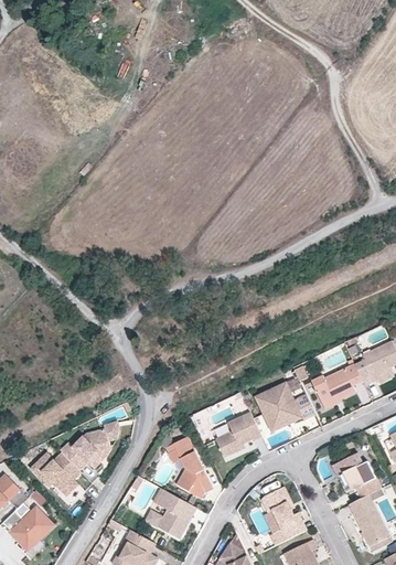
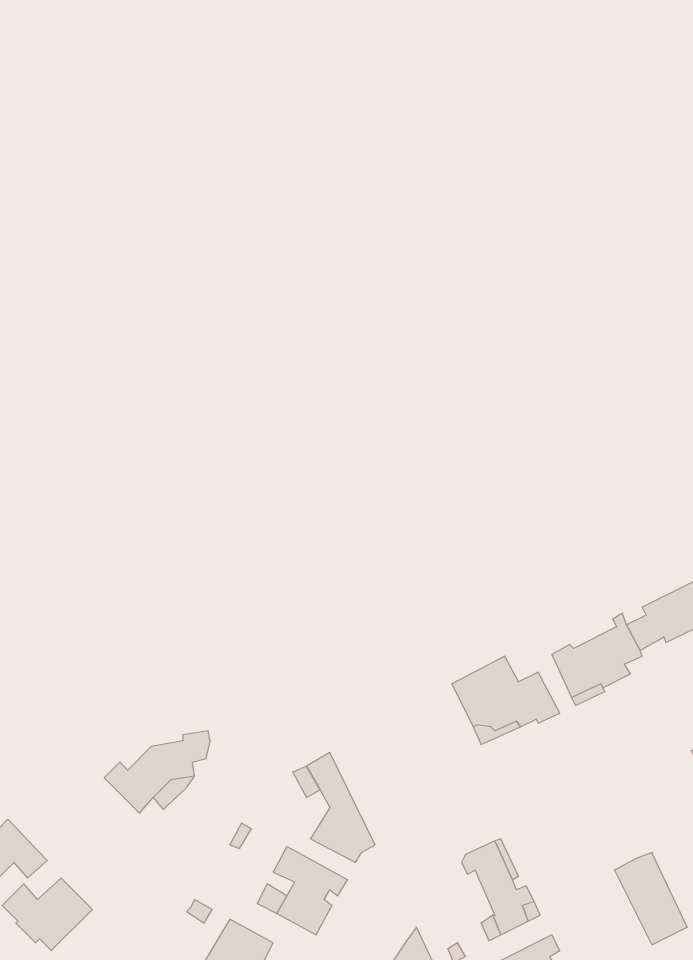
building: [215,413,261,458] -> none
building: [330,451,378,497] -> none
building: [30,452,81,497] -> none

